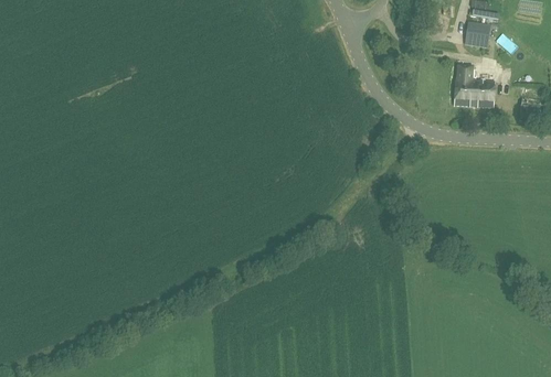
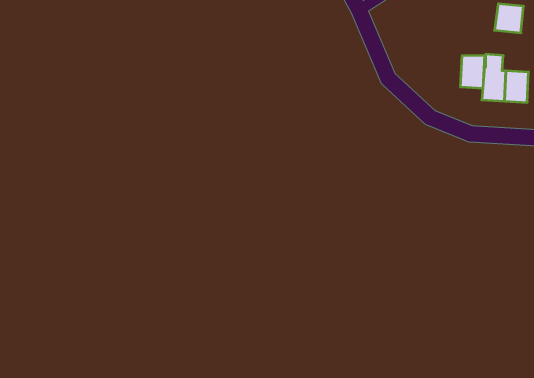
building: none -> [461,55,485,88]

